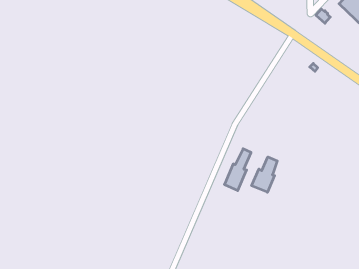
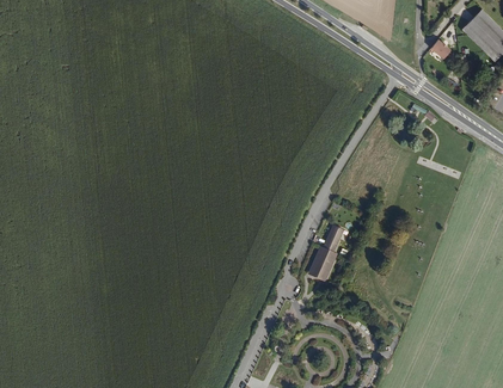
building: [252,157,277,192] -> none

